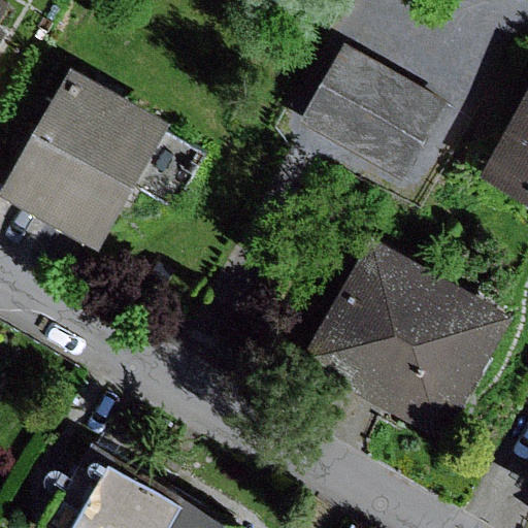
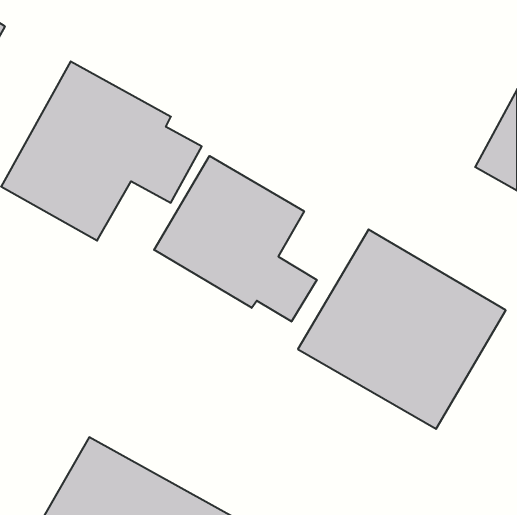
building: [298,47,446,187] -> none
building: none -> [154,156,317,322]

